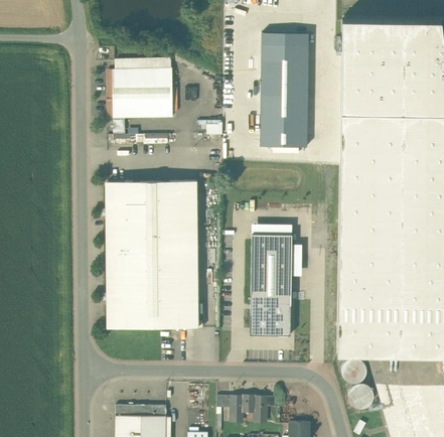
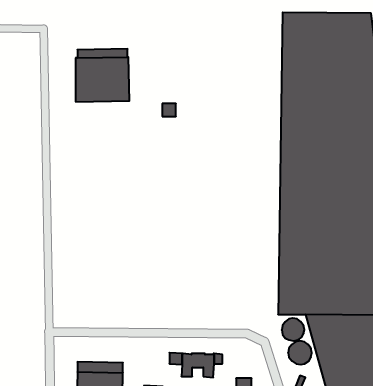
building: [261,33,307,147] -> none
building: [108,182,198,329] -> none
building: [251,226,302,335] -> none

